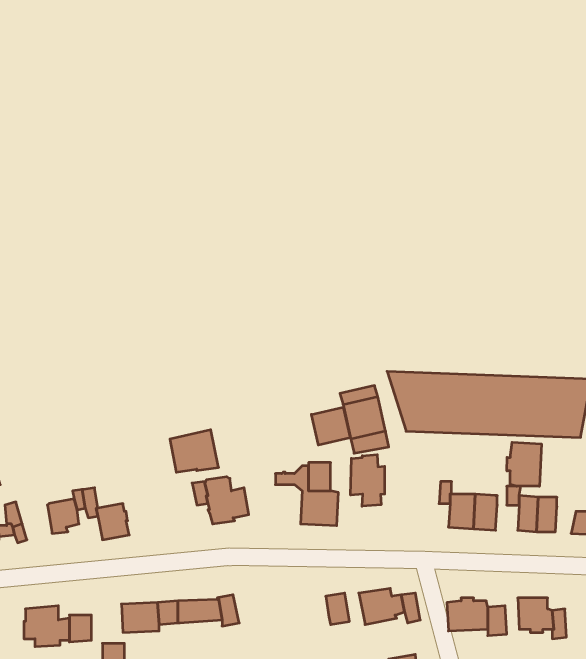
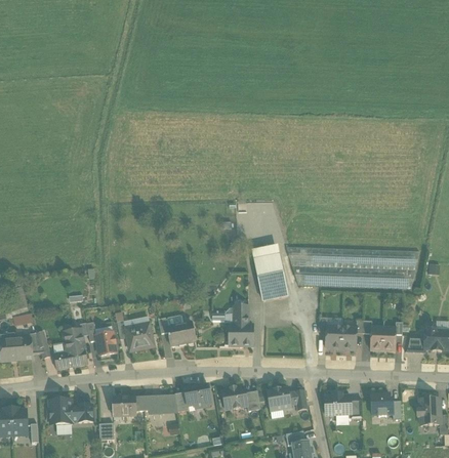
building: [311,407,350,445] -> none
building: [170,430,219,472] -> [124,324,156,351]
building: [507,442,541,486] -> none
building: [351,455,385,506] -> none
building: none -> [53,345,88,369]
building: none -> [185,384,211,409]
building: none -> [221,386,247,410]

